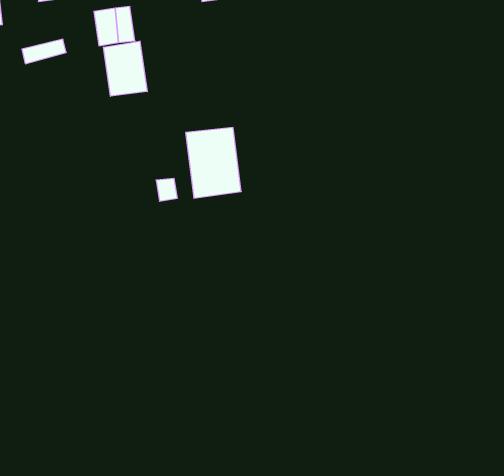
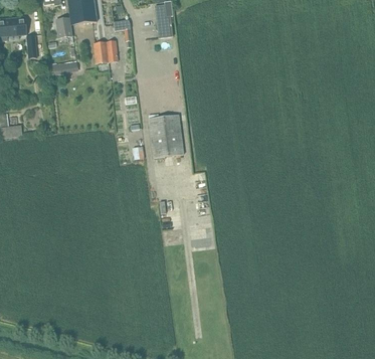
building: [104,41,147,96] -> none

